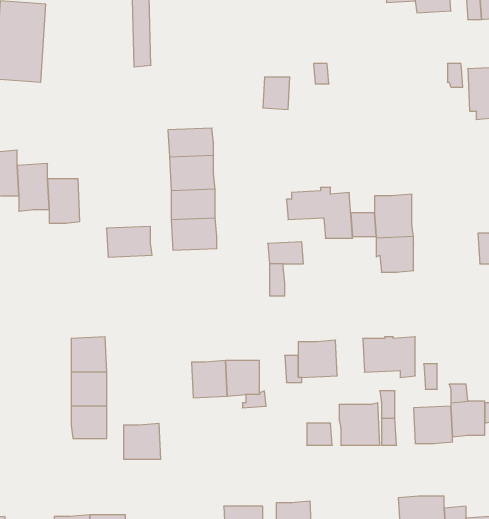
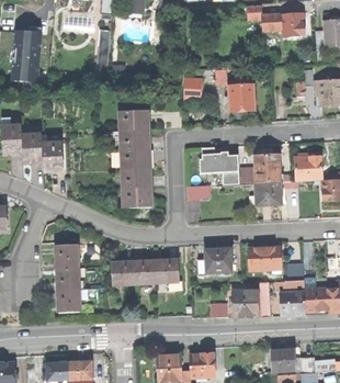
building: none -> [227,83,253,111]
building: none -> [295,156,321,180]
building: [106,226,152,257] -> [124,189,154,209]
building: [124,423,161,459] -> [113,262,137,285]

